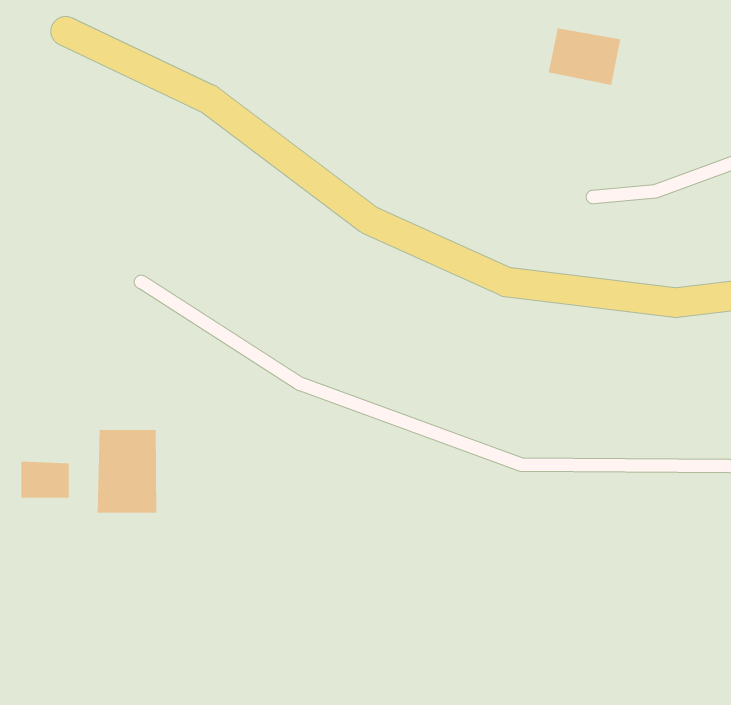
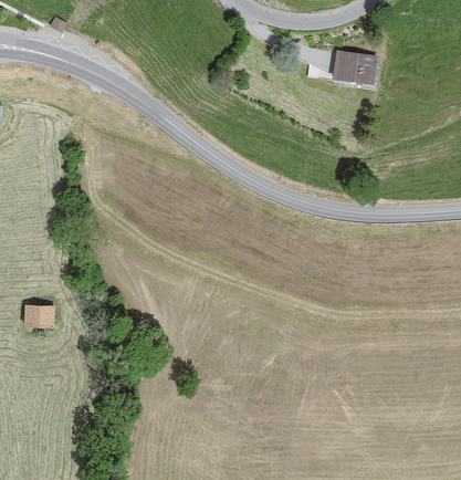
building: [97,429,157,513] -> none

